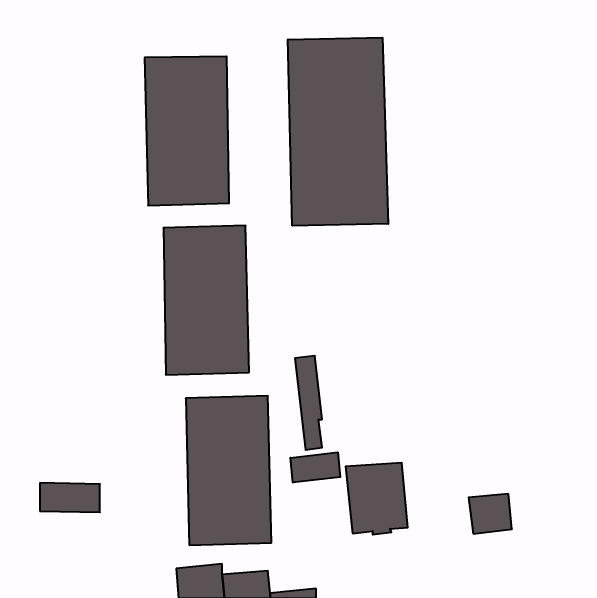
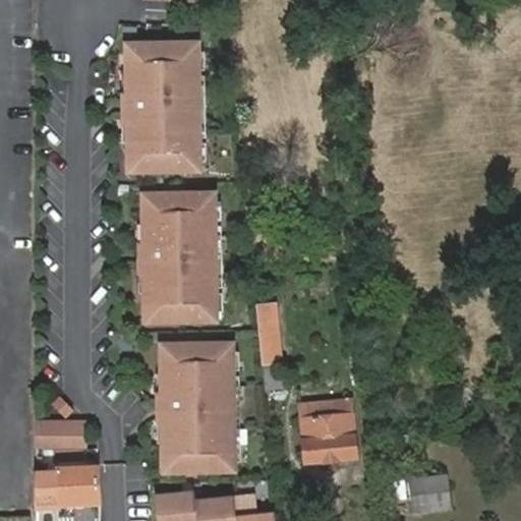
building: [288,38,388,226] -> none
building: [290,452,340,483] -> none
building: [469,494,512,534] -> [414,479,452,514]
building: none -> [35,468,98,506]

